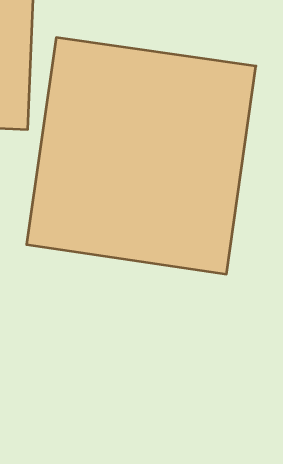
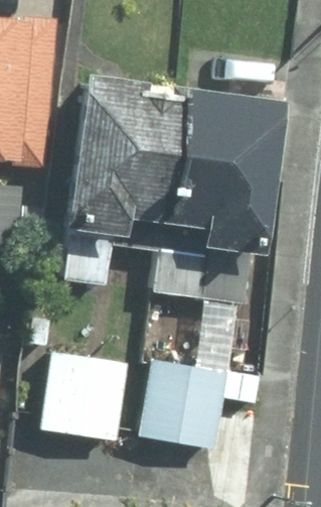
building: none -> [43,350,134,441]
building: none -> [138,358,224,445]

